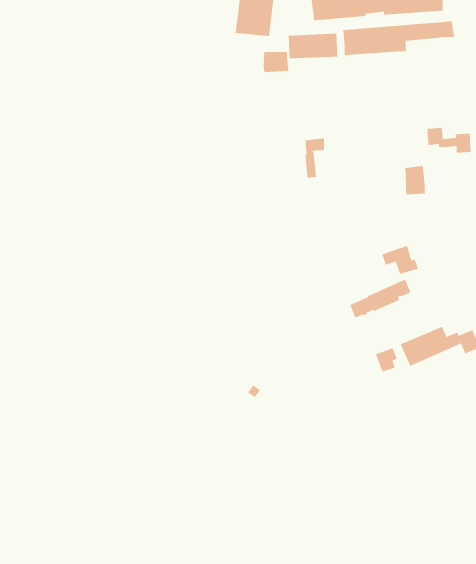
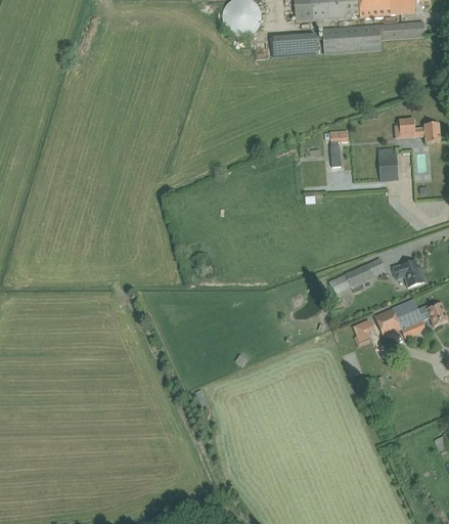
building: [263,51,289,73] -> none
building: [305,138,325,178] -> [329,129,348,166]
building: [382,245,419,274] -> [392,259,425,286]

